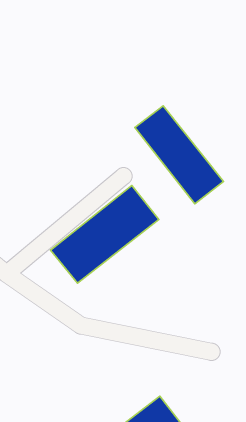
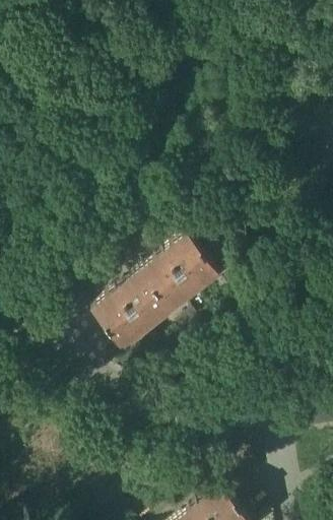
building: [135,106,223,204] -> none

